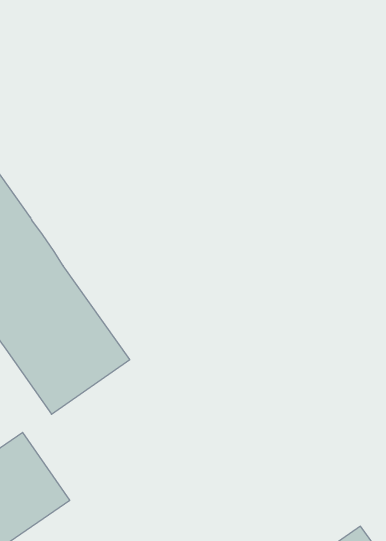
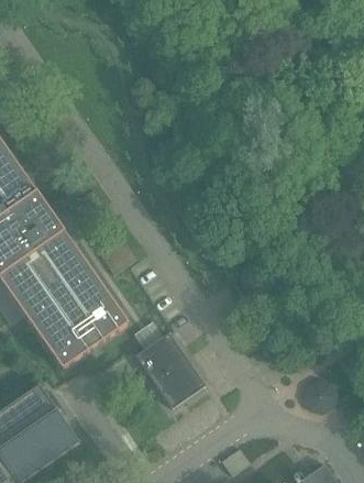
building: none -> [136,332,205,409]

